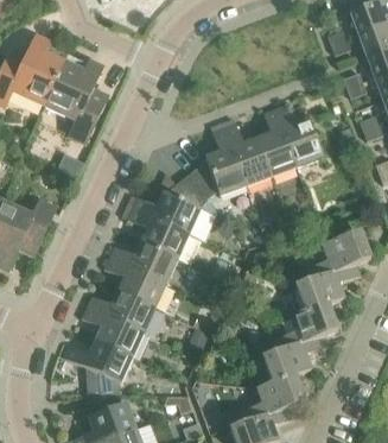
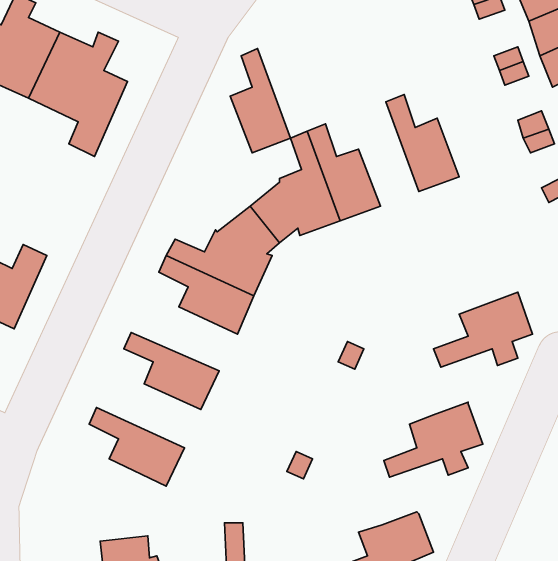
building: [256,107,295,175] -> [230,49,291,153]
building: [109,240,178,281] -> none
building: [295,267,346,310] -> none
building: [87,290,154,331] -> none
building: [64,338,132,392] -> none
building: [262,338,314,381] -> none

